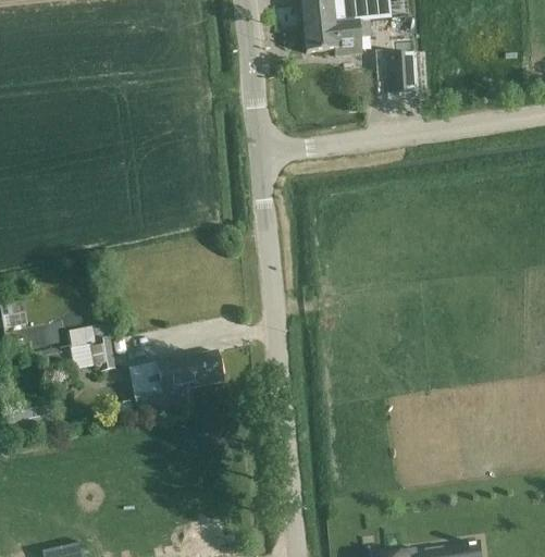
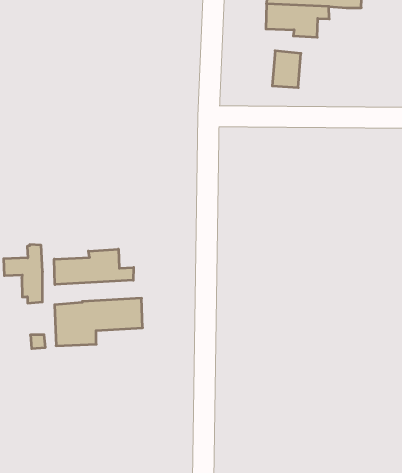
building: [386,53,416,91] -> [272,51,301,88]
building: none -> [54,249,134,285]

